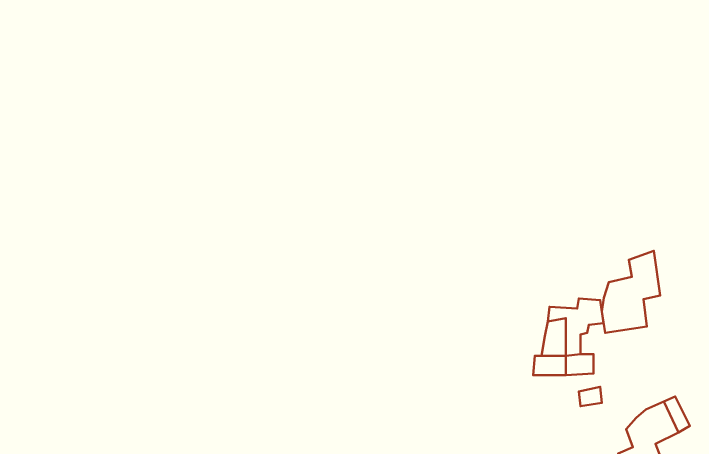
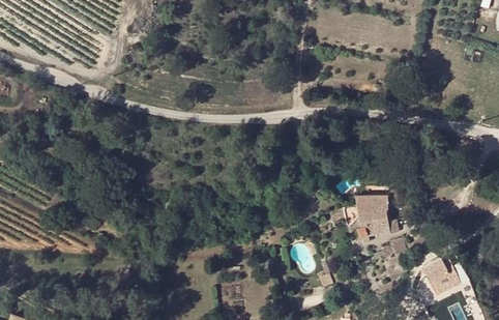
building: [602,251,660,333] -> none

